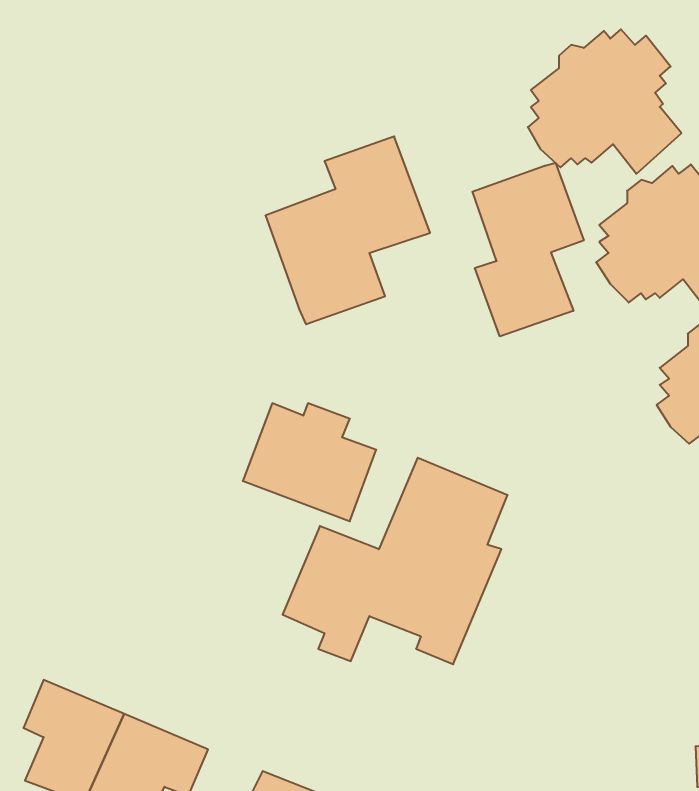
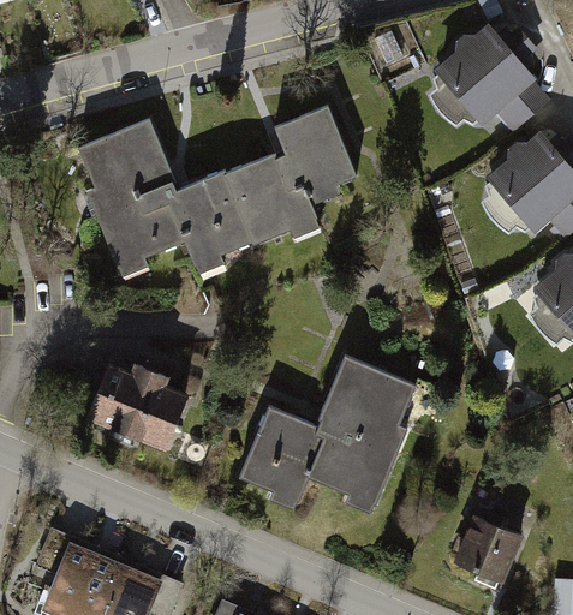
building: none -> [78,119,253,277]
building: [472,163,584,336] -> none
building: [243,403,376,521] -> [84,360,187,452]
building: none -> [450,515,527,593]

